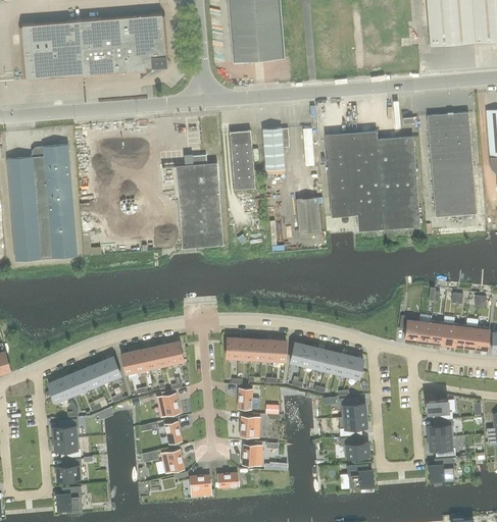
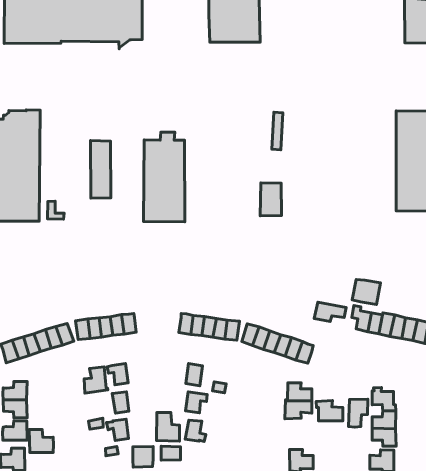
building: [262,127,290,170] -> none
building: [230,130,255,190] -> [90,140,111,198]
building: [325,130,420,230] -> none
building: none -> [352,279,381,304]
building: none -> [314,302,346,321]
building: none -> [84,367,108,393]
building: none -> [349,399,368,427]
building: [341,436,369,458] -> [316,401,343,421]
building: none -> [156,412,179,441]
building: none -> [29,429,54,453]

